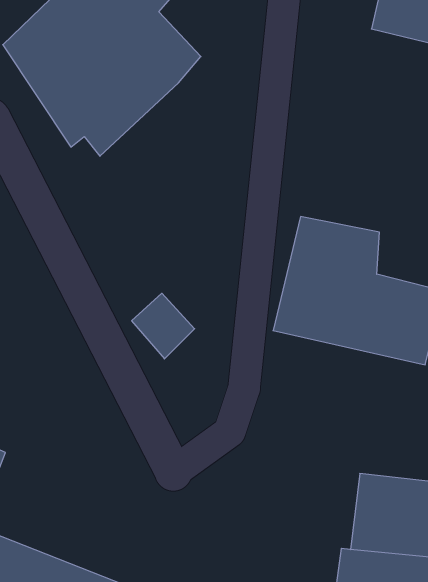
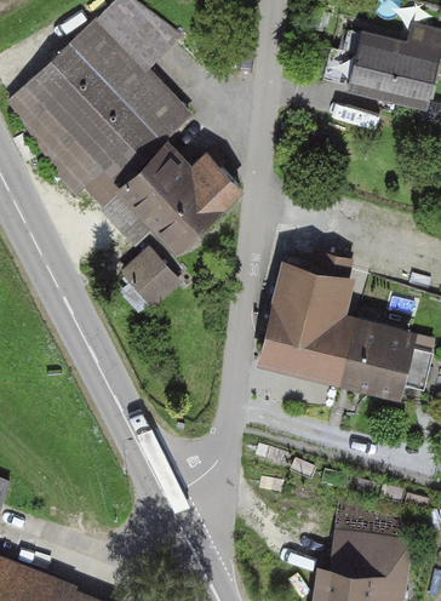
building: none -> [97,138,242,259]
building: [132,293,195,359] -> [121,245,179,305]

